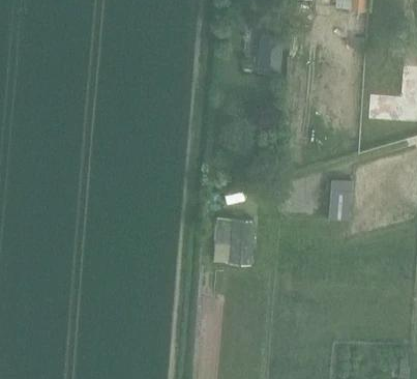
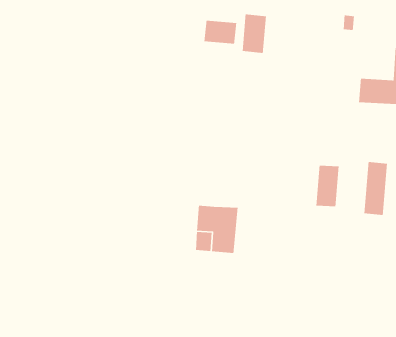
building: none -> [204,20,237,45]
building: none -> [364,161,388,216]

